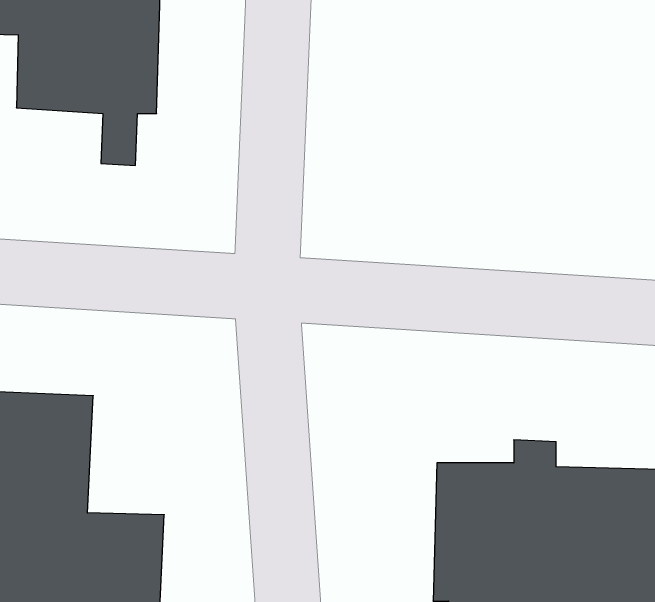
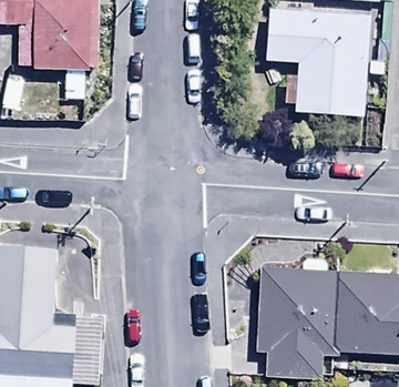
building: none -> [267,10,370,118]

